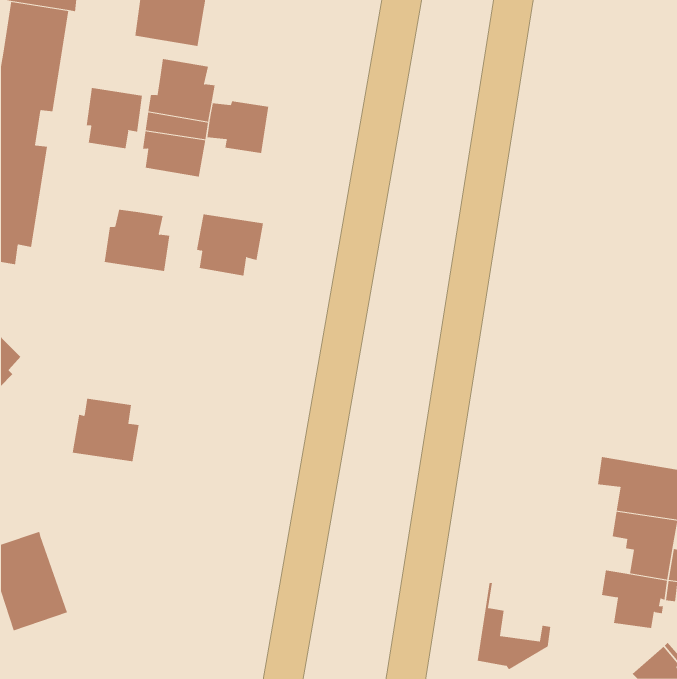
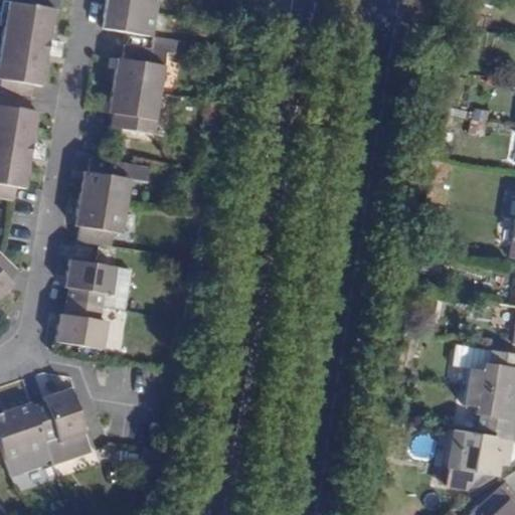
building: [86,87,142,149] -> none
building: [207,100,269,154] -> none
building: [196,214,264,276] -> [75,198,127,245]
building: none -> [65,259,132,306]
building: none -> [33,387,93,463]
building: [477,582,551,670] -> [448,431,504,497]

